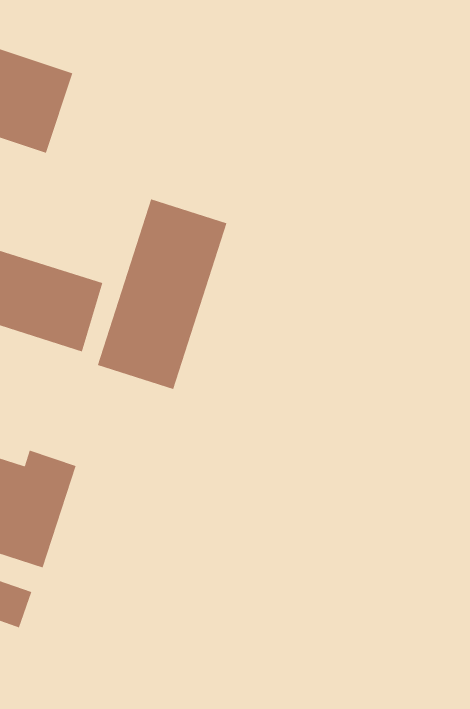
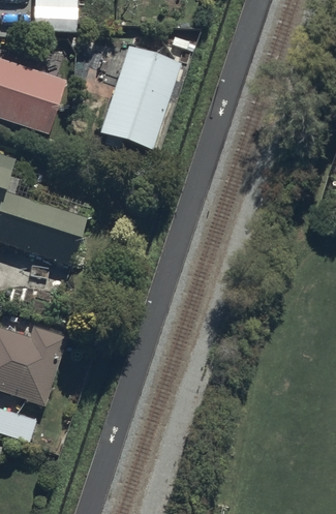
building: none -> [100,44,181,149]
building: [97,198,227,390] -> none

